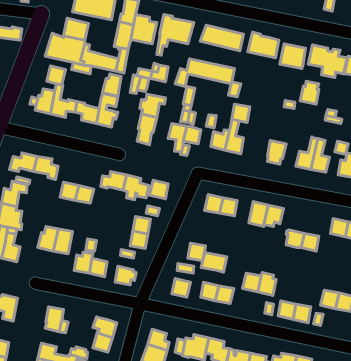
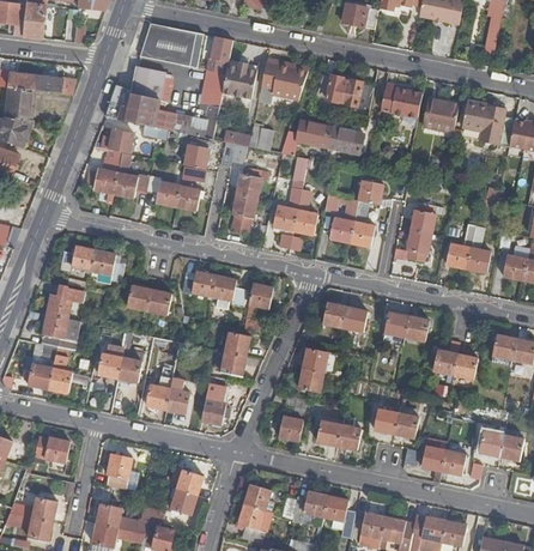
building: [300,81,319,104] -> [409,202,435,234]
building: [201,253,227,272] -> [302,347,336,374]

